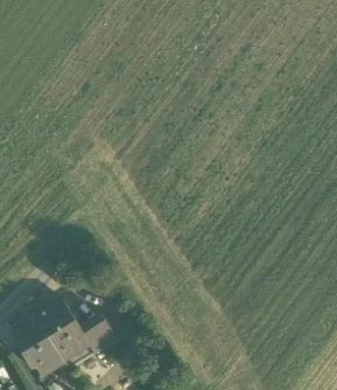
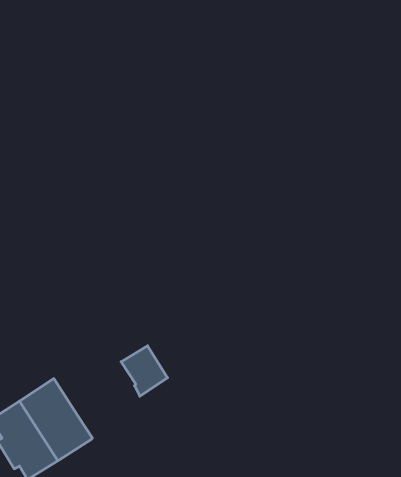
building: [81,317,117,355] -> [121,346,168,396]

